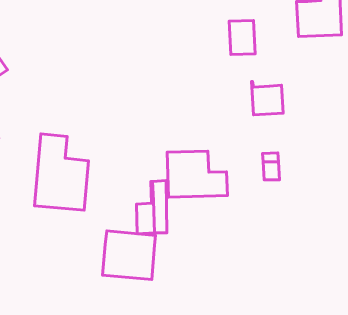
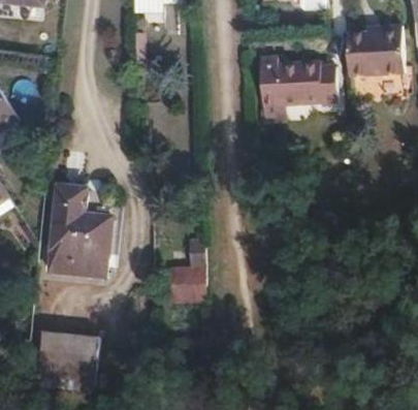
building: [252,82,283,115] -> [301,59,337,97]
building: [167,151,227,197] -> none
building: [102,231,155,280] -> [38,334,99,389]

